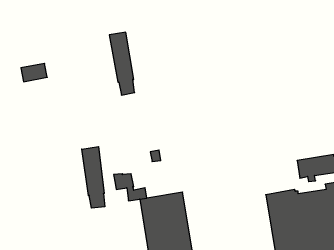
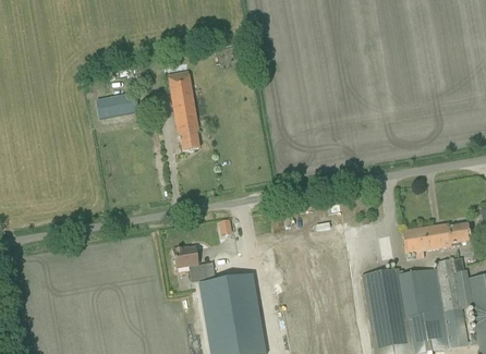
building: [21,63,47,82] -> [96,94,129,117]
building: [82,147,105,208] -> none

